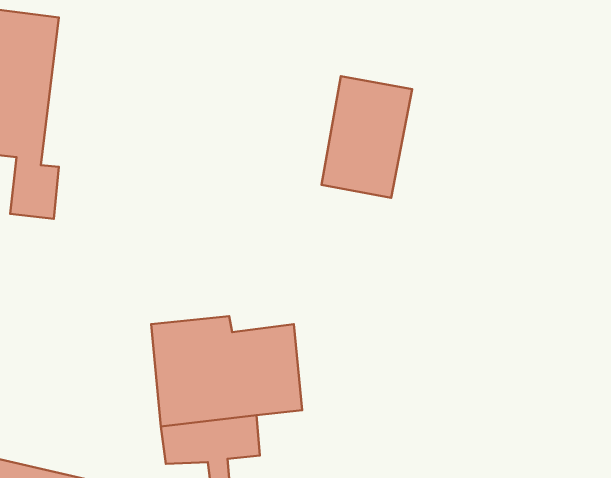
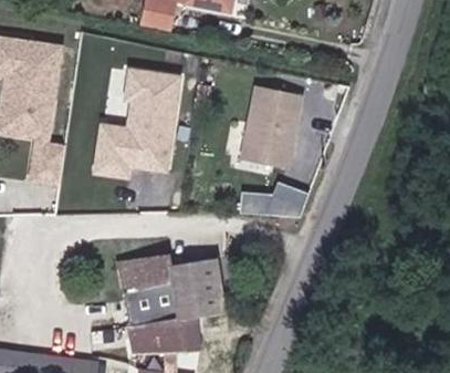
building: none -> [92,71,181,179]
building: none -> [238,185,305,220]

